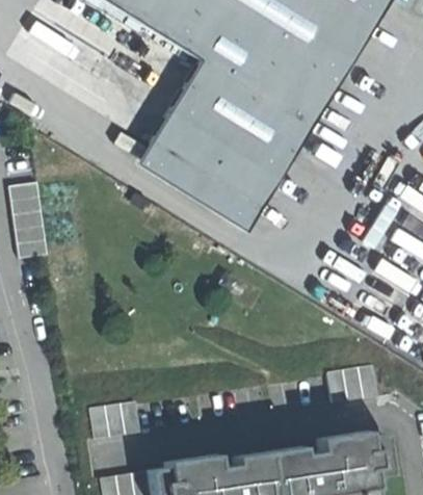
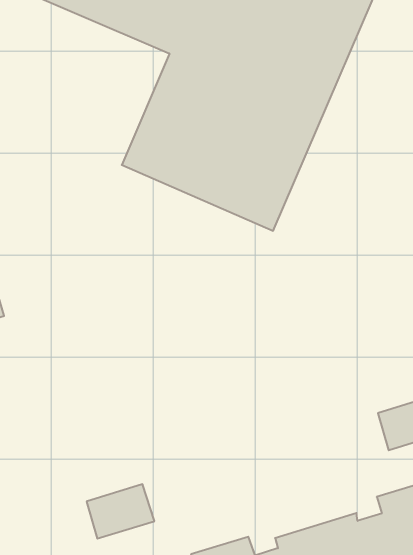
building: [139,146,264,236] -> none

